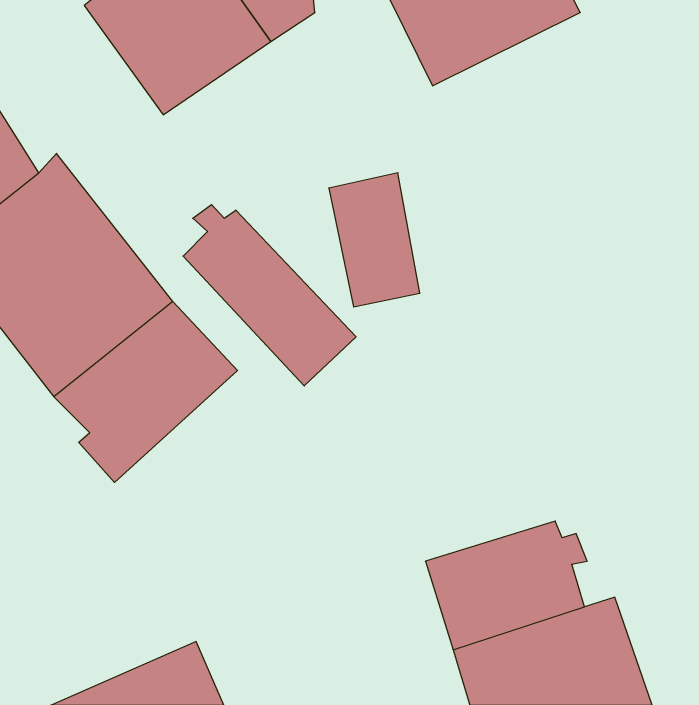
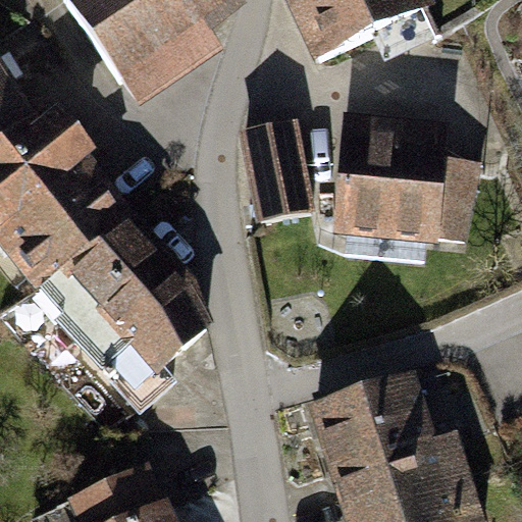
building: none -> [336,141,480,244]
building: [183,205,356,386] -> none
building: none -> [85,273,205,414]

